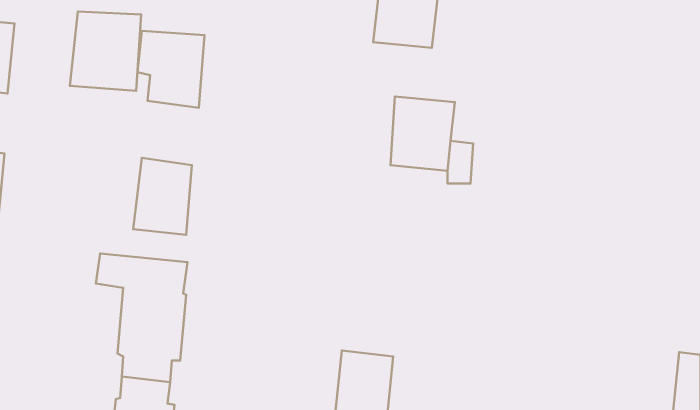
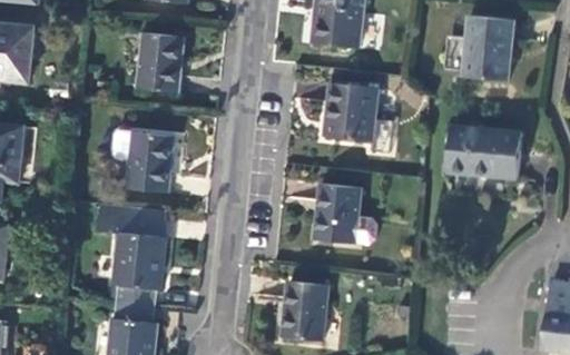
building: none -> [463,16,512,80]
building: [70,11,141,91] -> none
building: none -> [449,126,520,180]
building: none -> [315,184,375,244]

